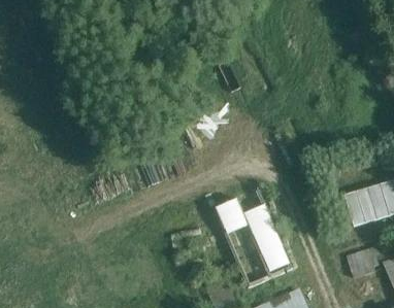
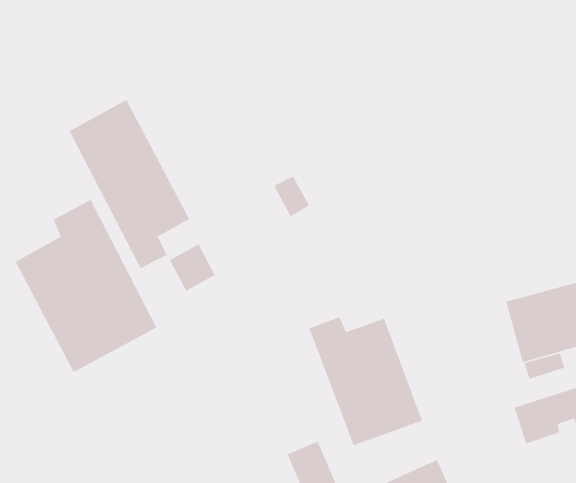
building: none -> [69,99,190,269]
building: none -> [15,199,157,373]

